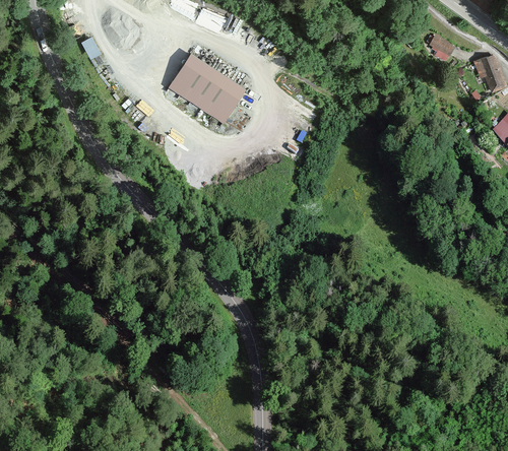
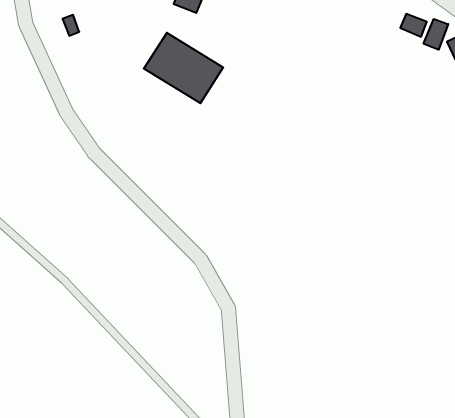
building: none -> [424,19,448,50]

